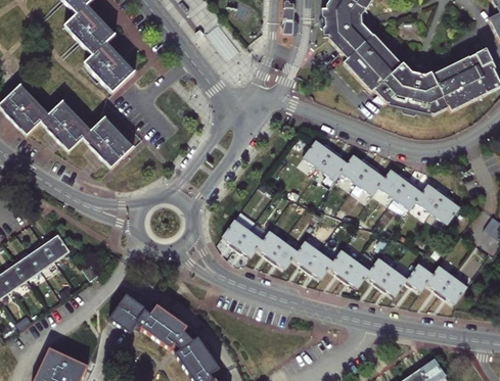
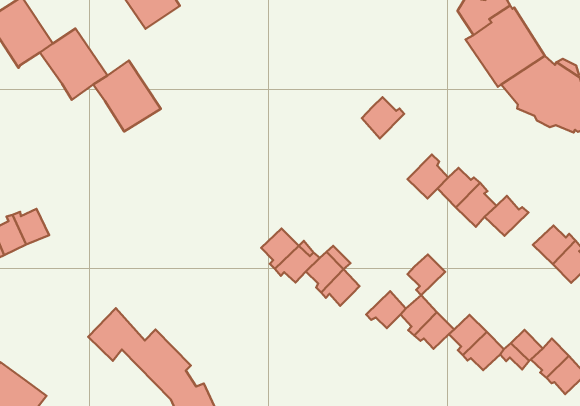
building: [303,139,332,169] -> [362,97,404,138]
building: [394,178,421,209] -> none
building: [292,240,319,270] -> [407,255,445,295]

